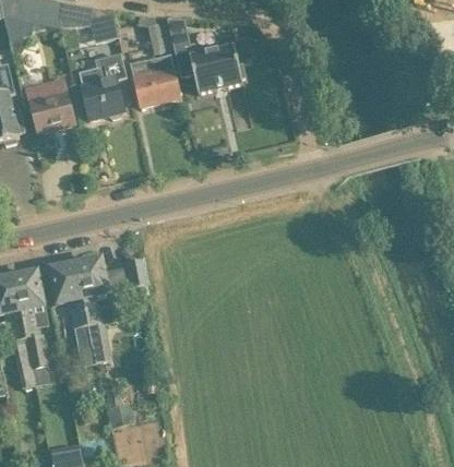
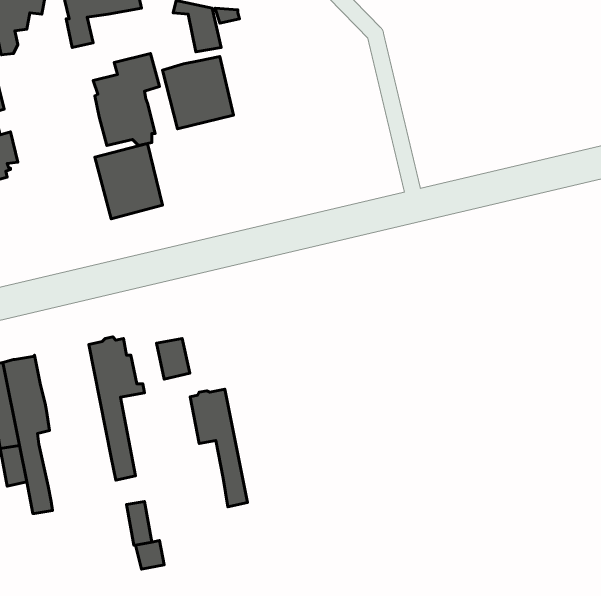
building: [176,45,246,93] -> none
building: [26,77,75,132] -> [95,143,163,219]
building: [51,263,93,348] -> [190,389,247,507]

